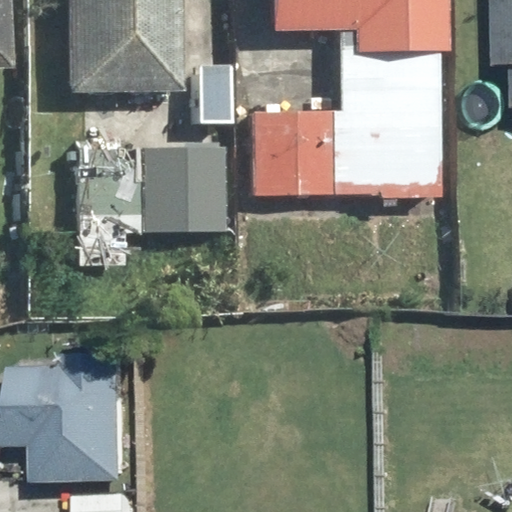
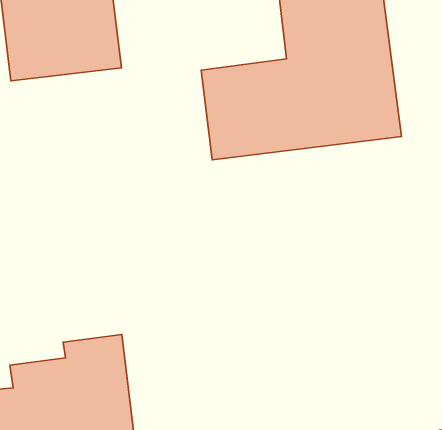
building: [79,143,221,264] -> none

